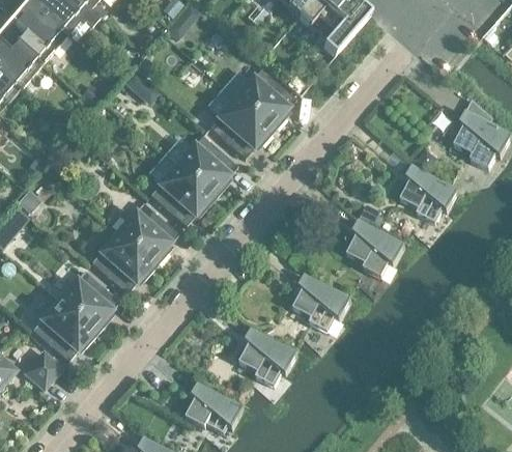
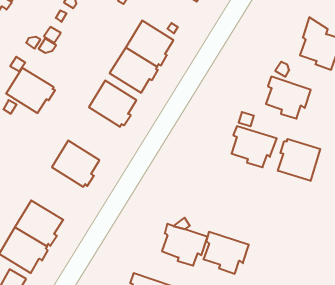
building: [149,164,211,224] -> [6,68,55,113]
building: [90,231,152,291] -> none
building: none -> [278,139,320,181]
building: [290,273,350,331] -> [203,232,249,274]

